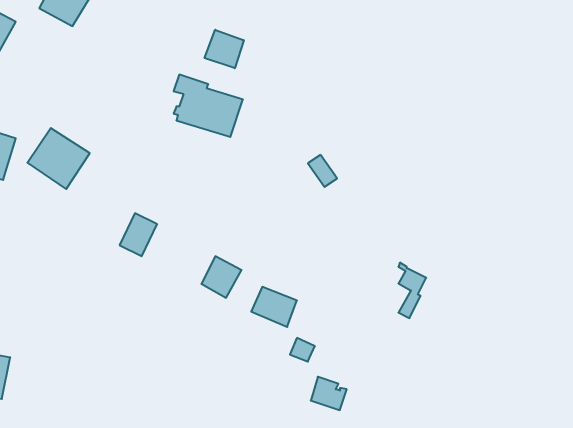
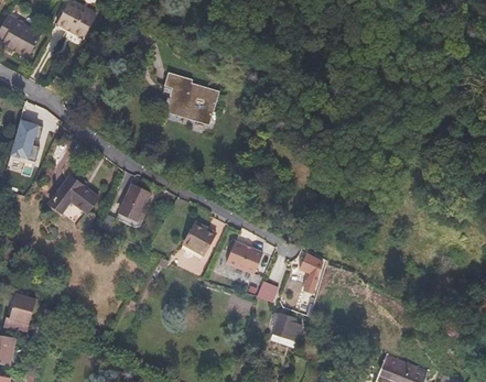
building: [205,30,244,68] -> none
building: [27,128,90,189] -> [52,176,101,225]
building: [398,263,426,318] -> [301,250,323,294]

